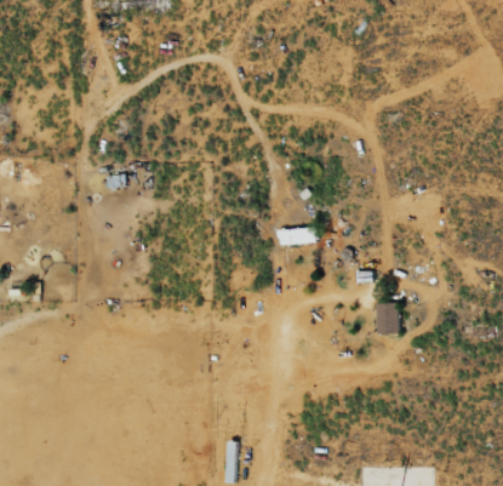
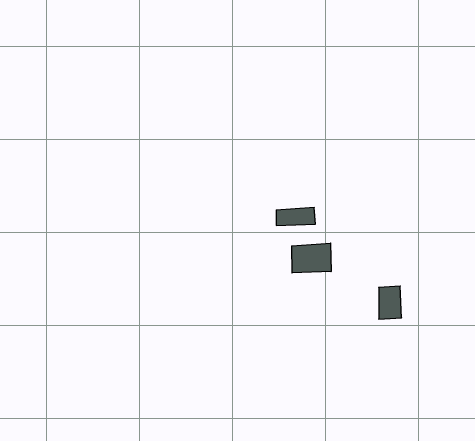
building: none -> [292,243,331,273]

